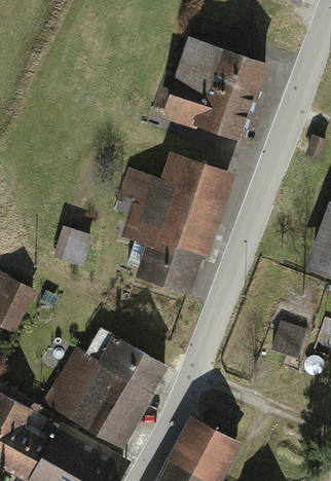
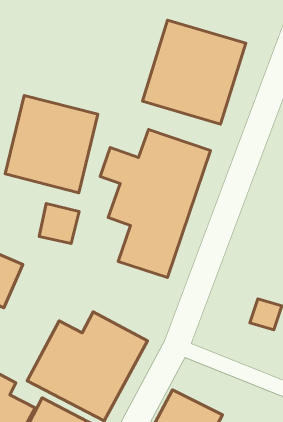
building: none -> [5,95,98,193]

